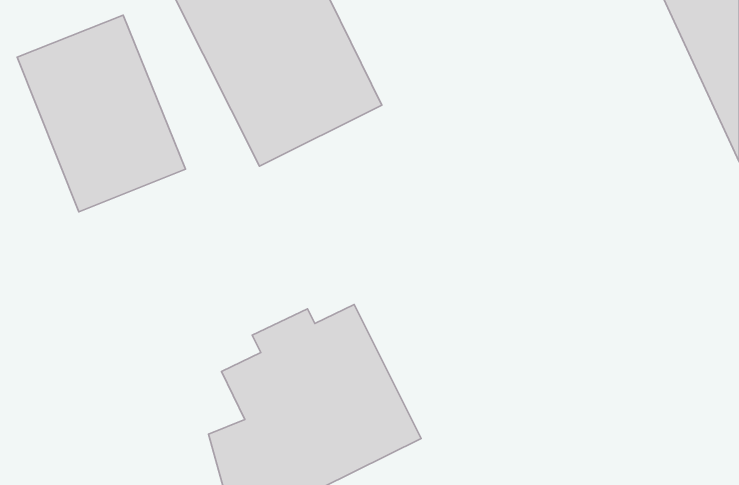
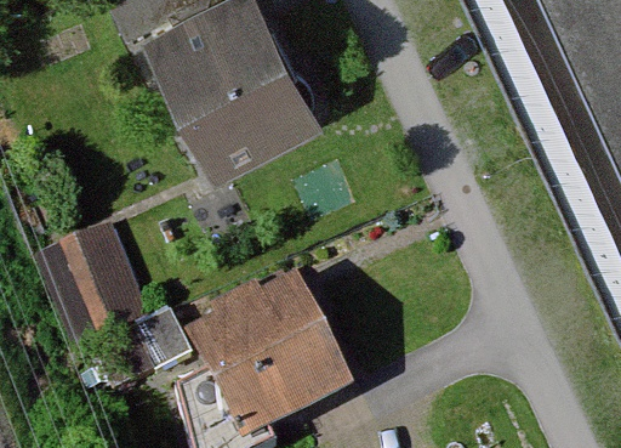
building: [17,15,185,212] -> none
building: none -> [28,222,142,329]

